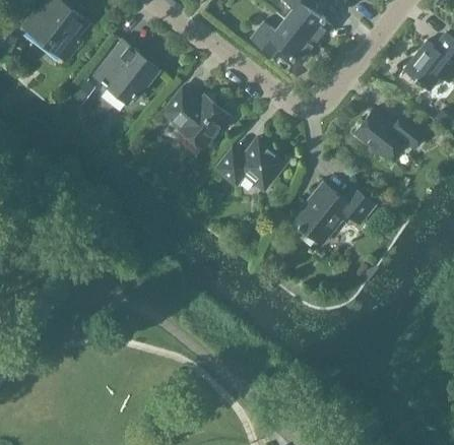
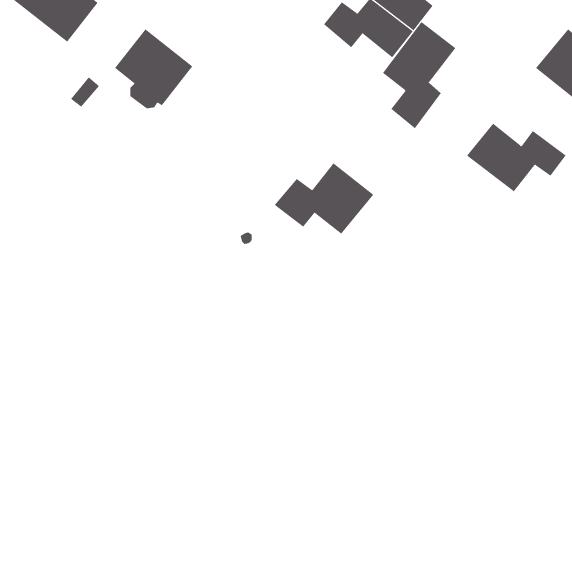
building: none -> [382,21,456,129]
building: [160,88,230,149] -> none
building: [291,183,374,241] -> none

